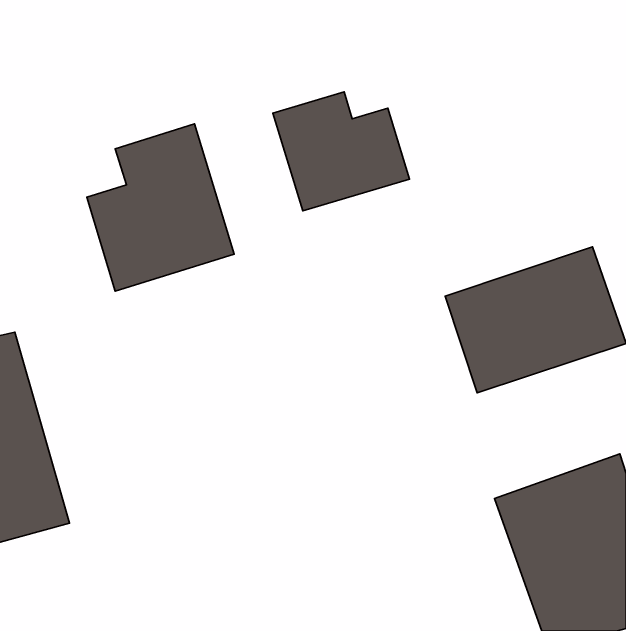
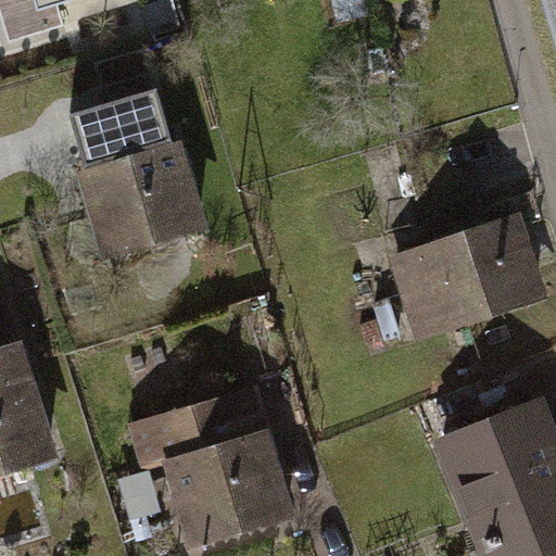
building: [273,92,410,211] -> none
building: none -> [126,382,288,543]

